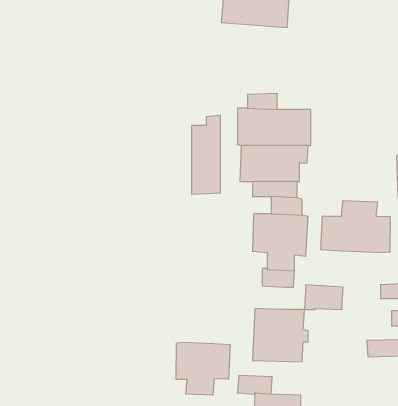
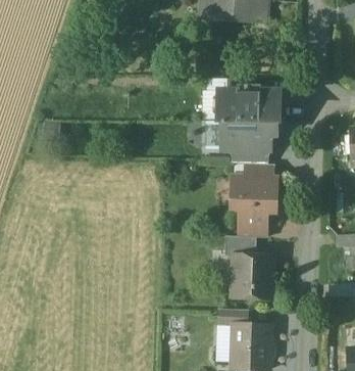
building: [192,115,220,195] -> none
building: [321,201,390,253] -> none
building: [305,285,343,310] -> [224,235,256,256]
building: [176,342,230,395] -> none

